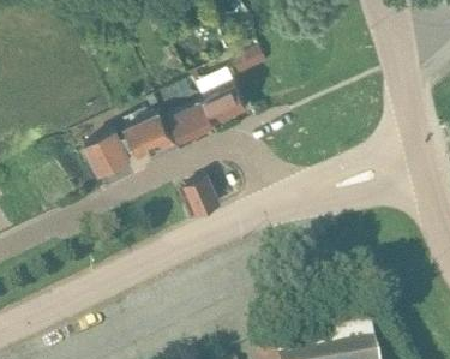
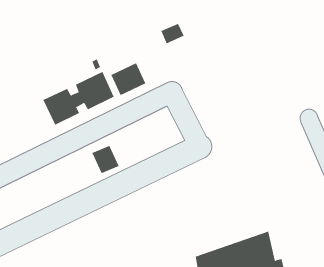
building: [202,76,246,116] -> none
building: [185,169,220,205] -> [92,145,119,174]

